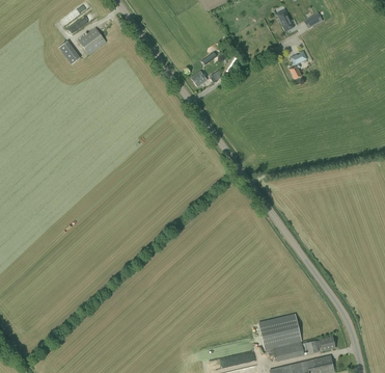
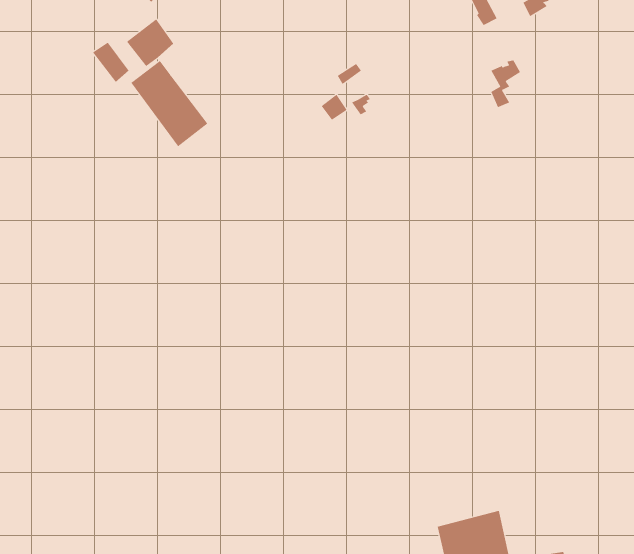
building: none -> [130,60,208,147]

